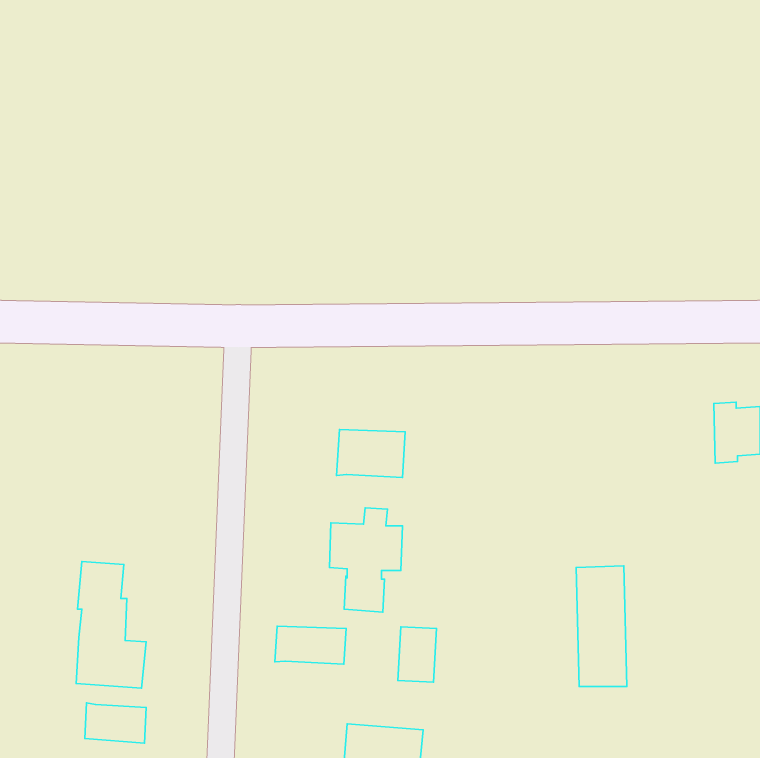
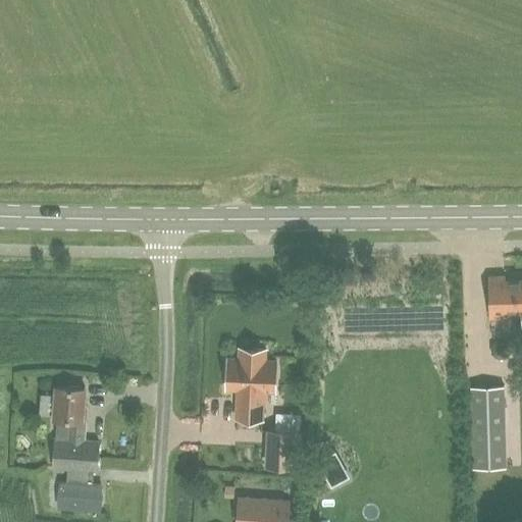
building: [337,430,405,478] -> none
building: [576,566,627,686] -> [470,386,505,469]
building: [275,626,346,664] -> none

